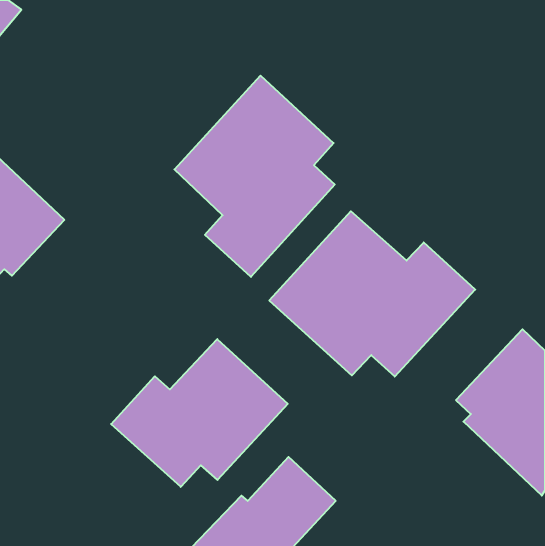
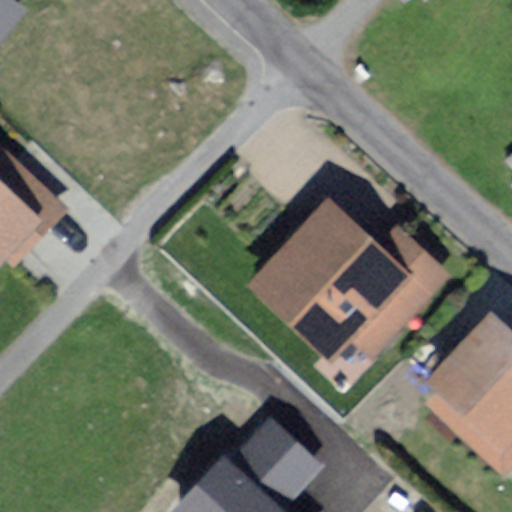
building: [174,76,335,277] -> none
building: [111,339,288,487] -> none

